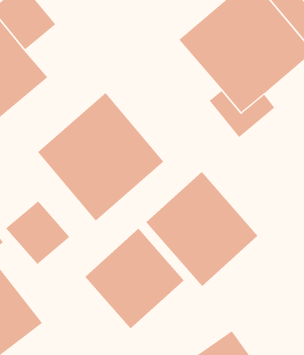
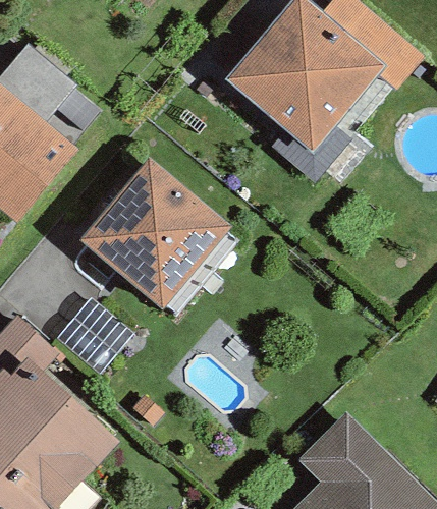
building: [146,171,258,287] -> none
building: [85,228,185,329] -> none

